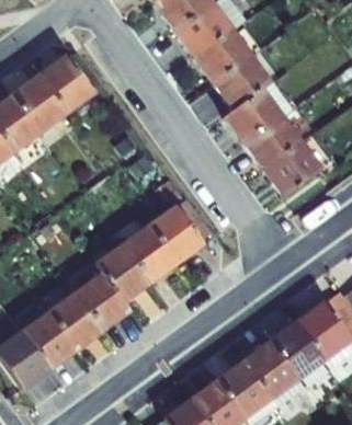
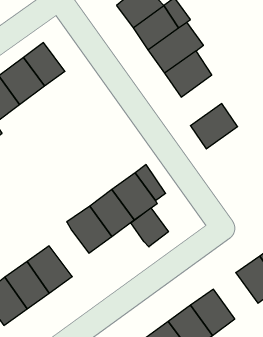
building: [220,93,286,153] -> none
building: [259,154,316,208] -> none
building: none -> [131,208,168,247]
building: [72,277,124,332] -> none
building: [268,328,320,382] -> none

